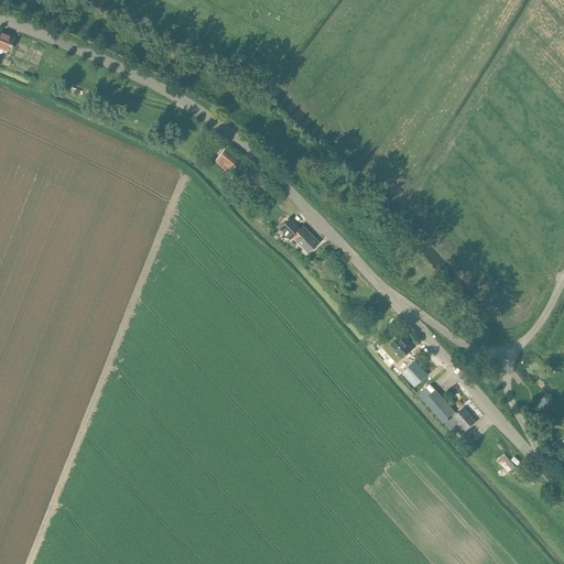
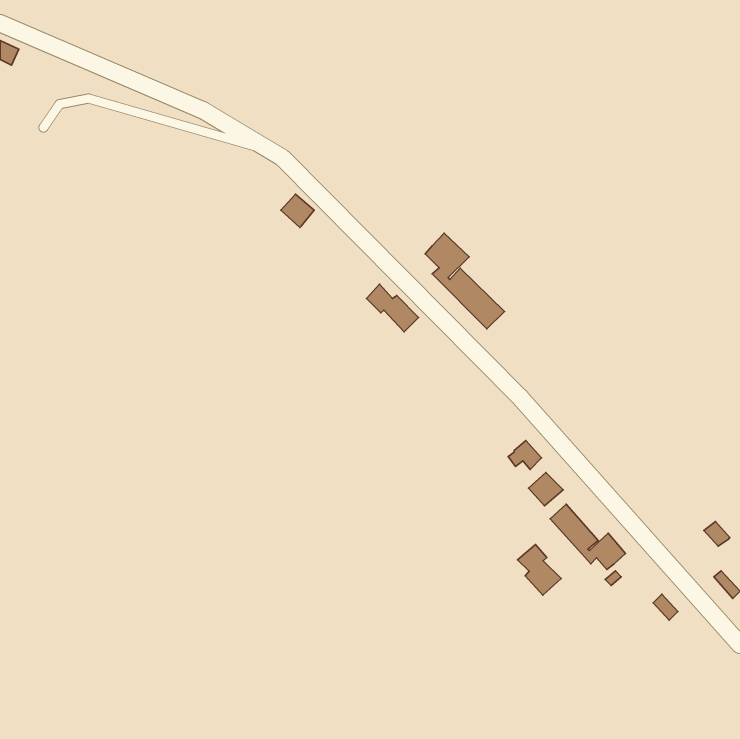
building: none -> [425,233,505,329]
building: none -> [517,545,561,595]

